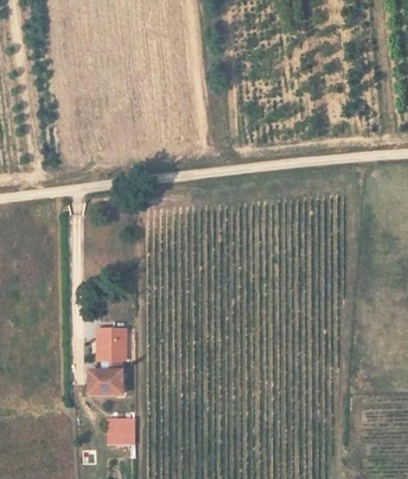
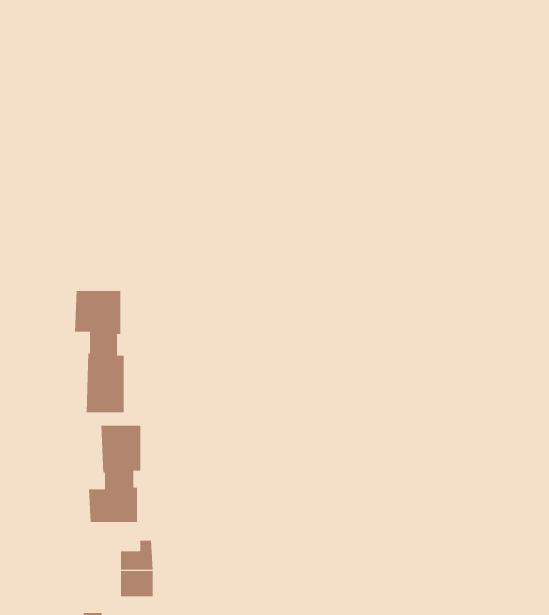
building: none -> [74,290,124,413]

